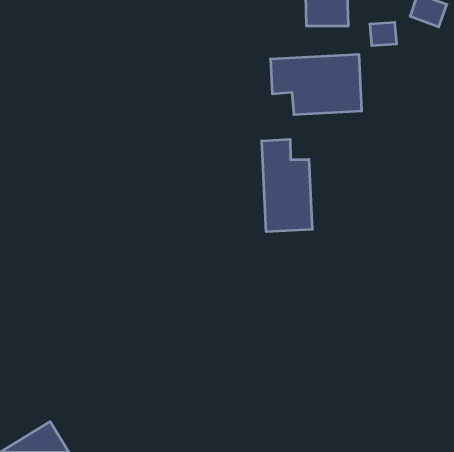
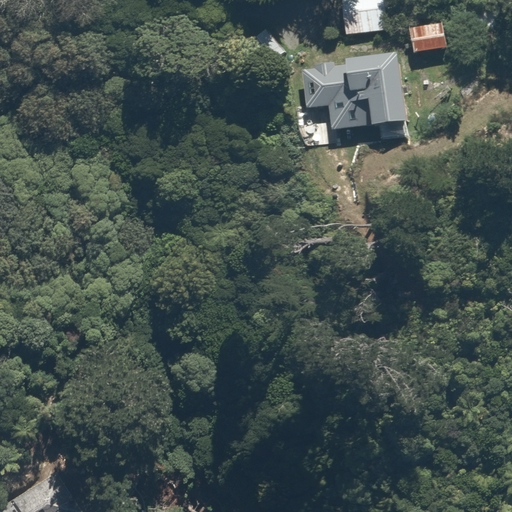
building: [262,139,312,232] -> none

